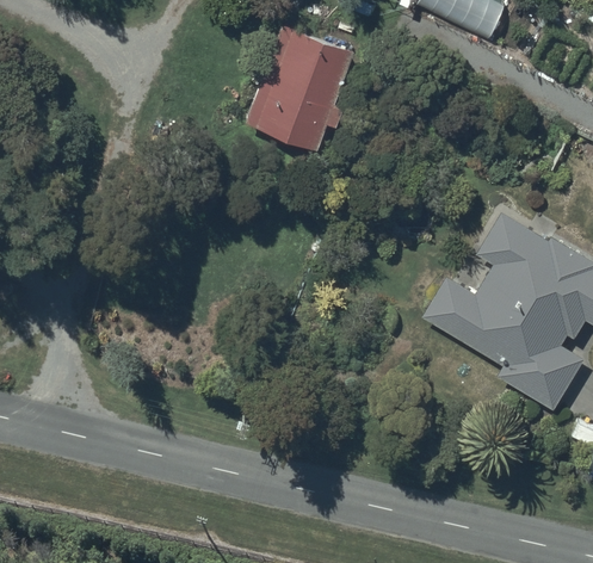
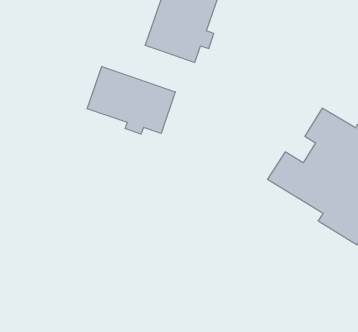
building: none -> [87,66,175,134]

